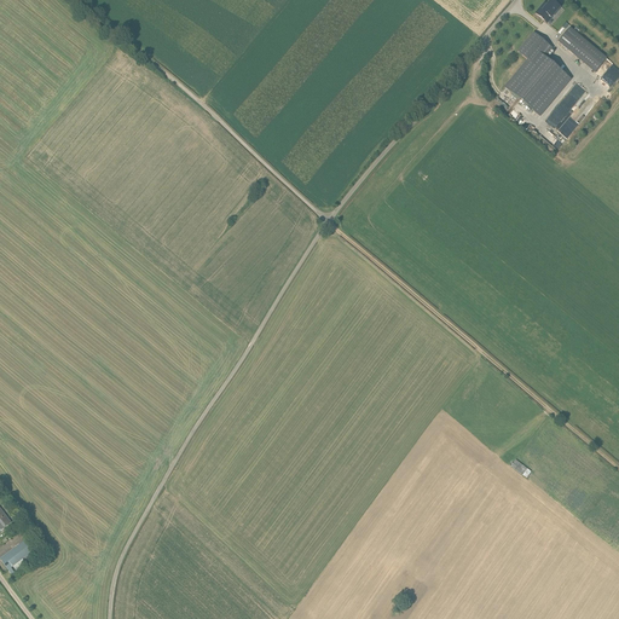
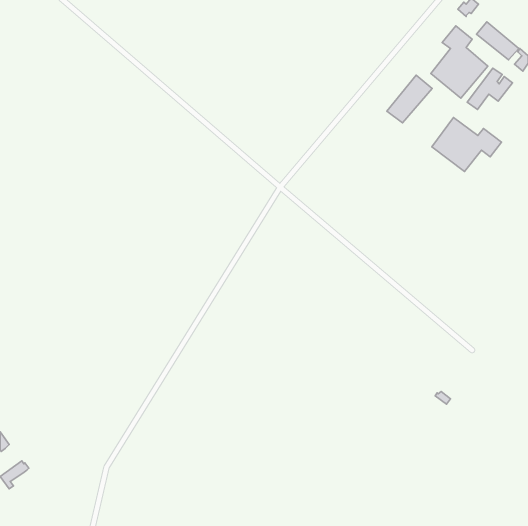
building: none -> [387,75,432,123]
building: none -> [432,118,501,172]

